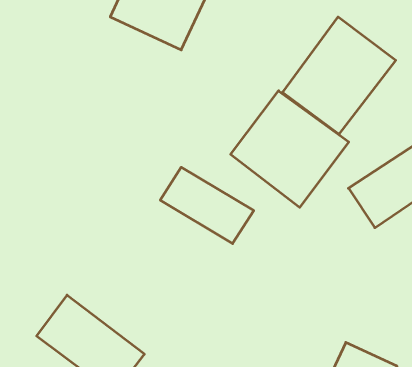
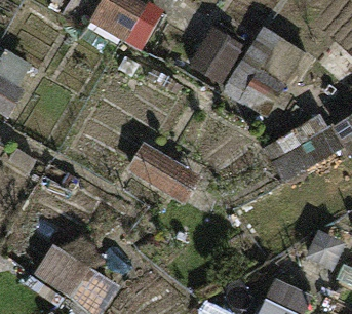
building: [231,91,349,207] -> none

